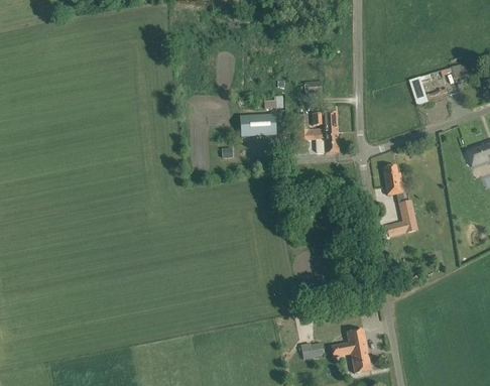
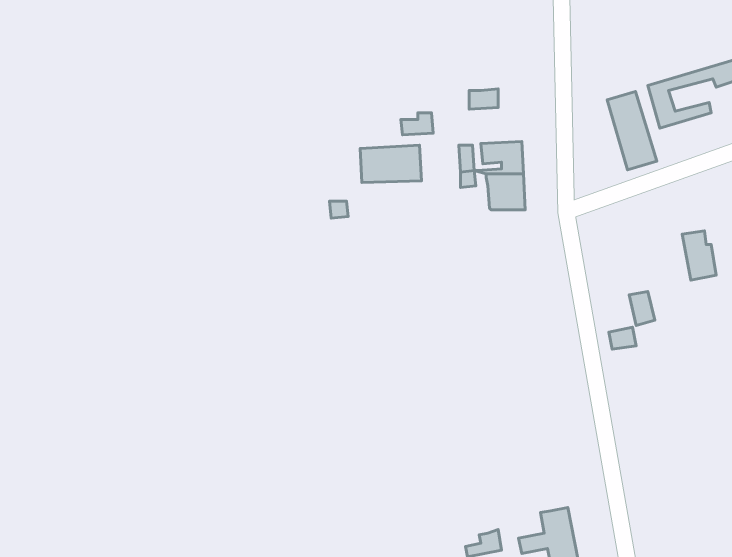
building: none -> [607,92,657,170]
building: [383,165,403,195] -> [682,231,716,280]

